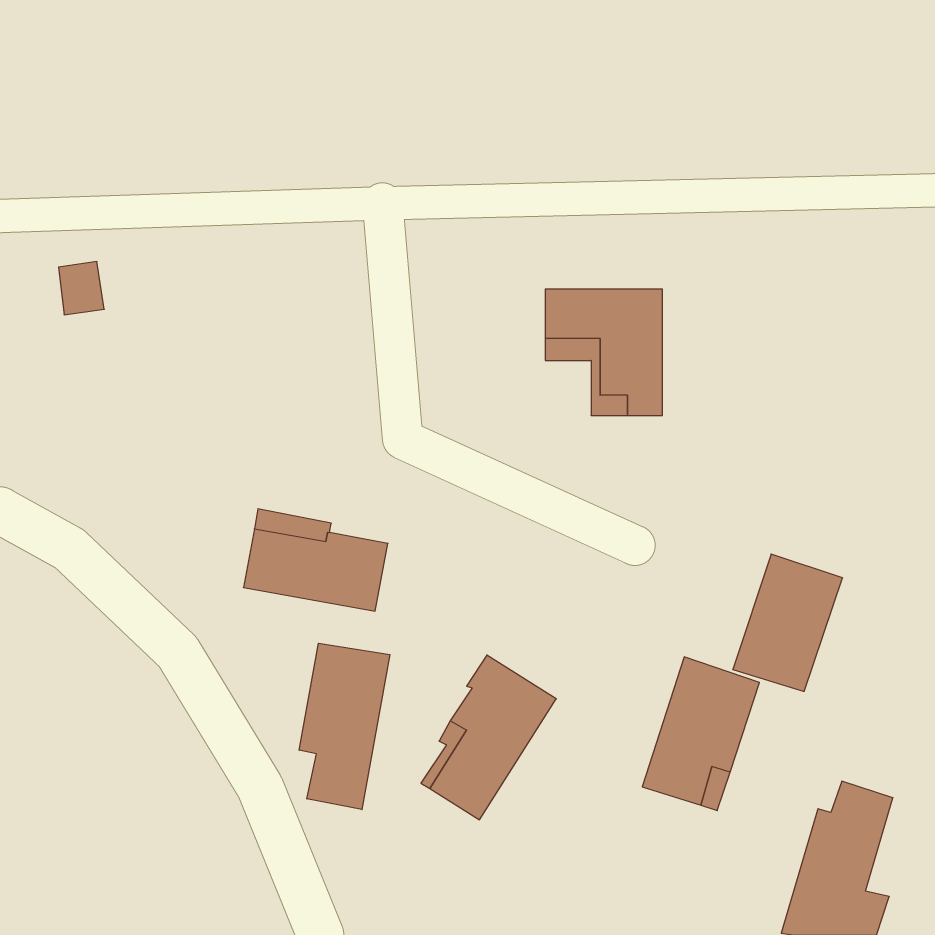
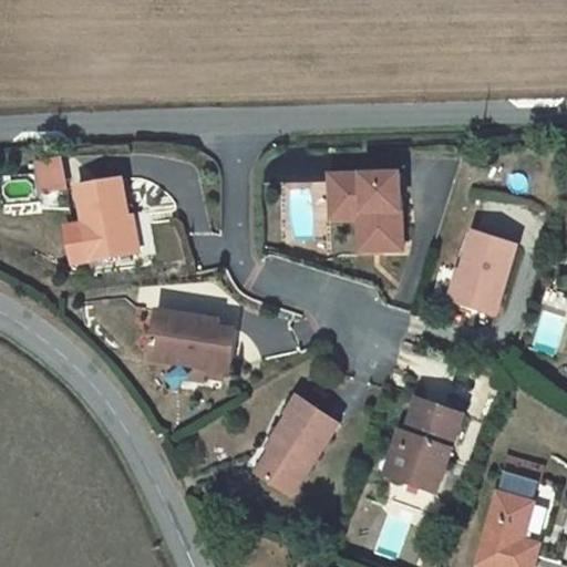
building: none -> [76,179,132,260]
building: [733,554,843,691] -> [450,227,516,310]
building: [299,643,390,810] -> none

